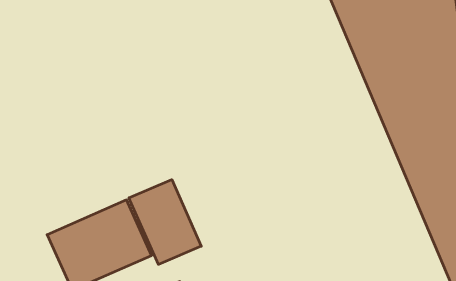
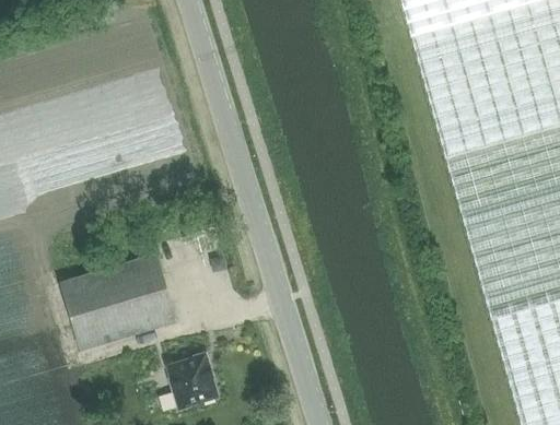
building: [129,180,201,264] -> none

